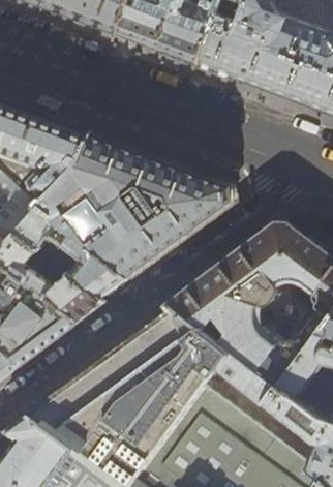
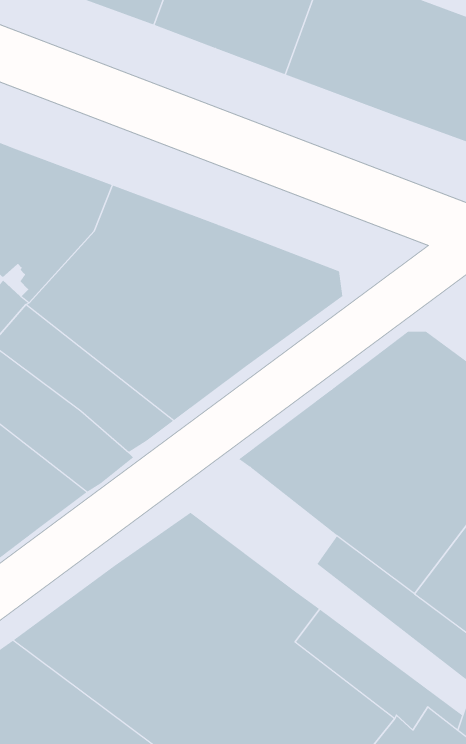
building: [141,307,232,385] -> none

